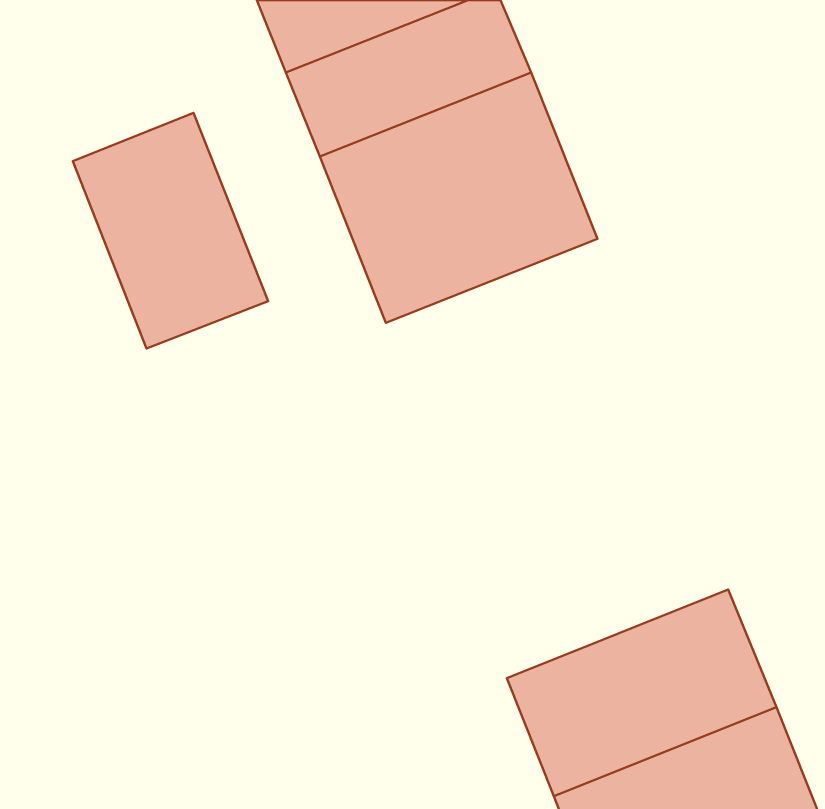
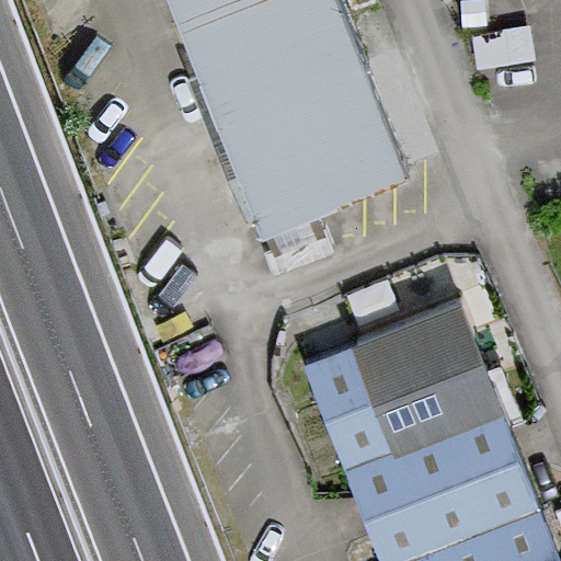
building: [73,113,268,348] -> none
building: none -> [301,302,500,471]

